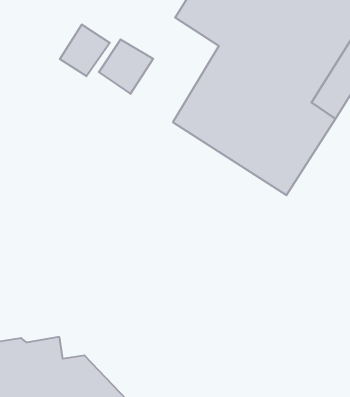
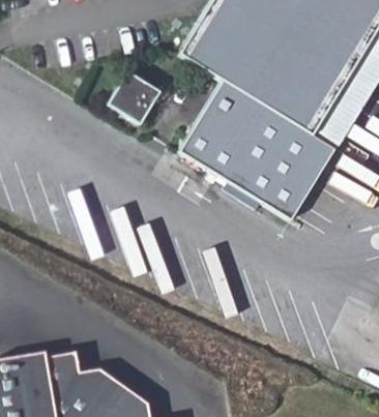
building: [60,24,110,76] -> none

